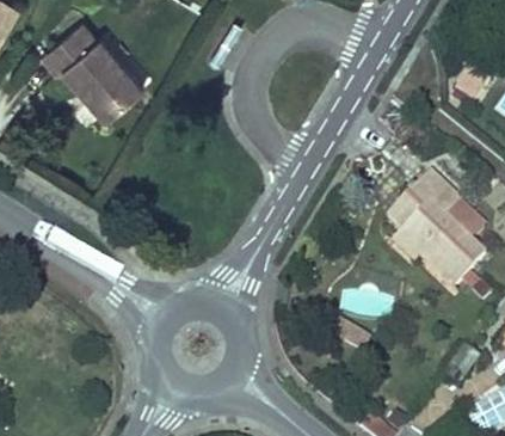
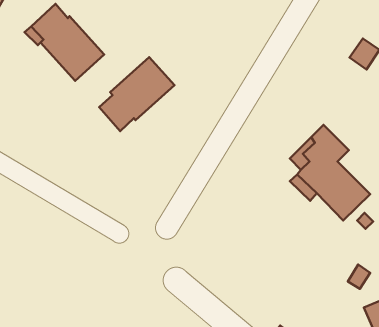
building: none -> [99,57,174,131]

